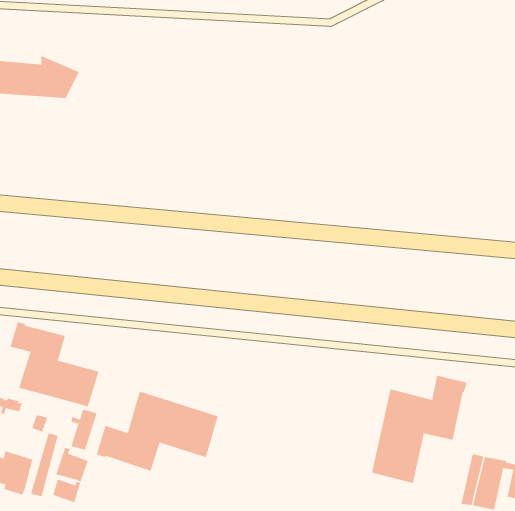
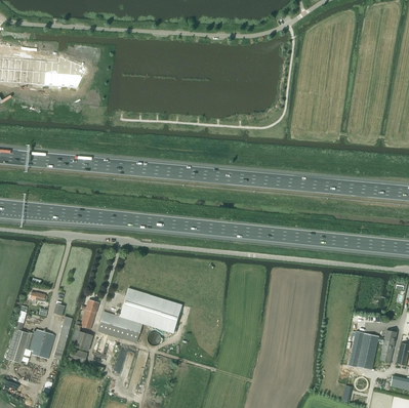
building: [10,321,99,407] -> none
building: [371,375,467,484] -> none

